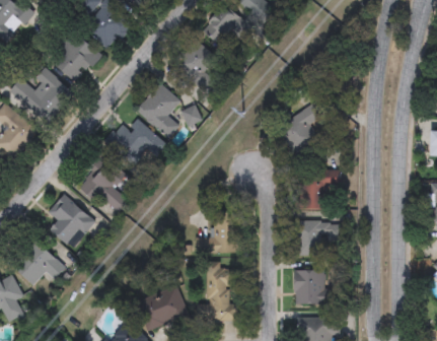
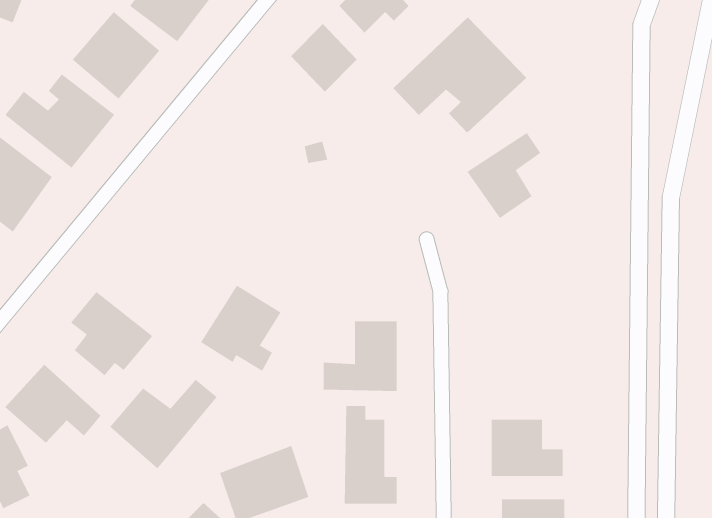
building: none -> [393,16,527,133]
building: [136,82,180,138] -> none
building: [116,121,164,168] -> none
building: [79,155,127,206] -> [200,285,282,371]
building: [299,169,341,210] -> none
building: [294,220,344,256] -> none
building: none -> [110,379,217,469]

